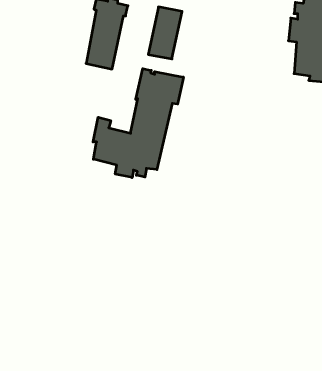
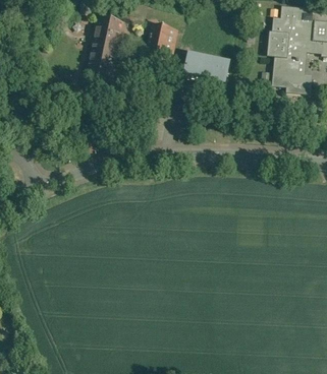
building: none -> [183,52,228,82]
building: [93,69,183,178] -> none

